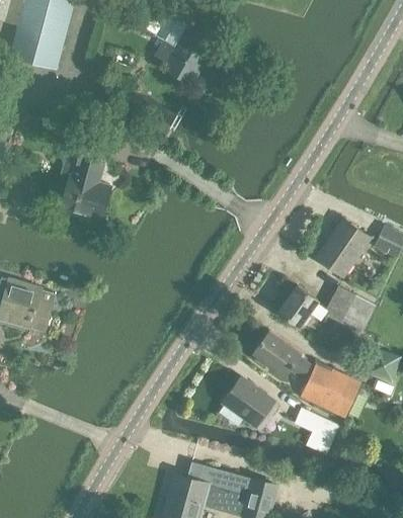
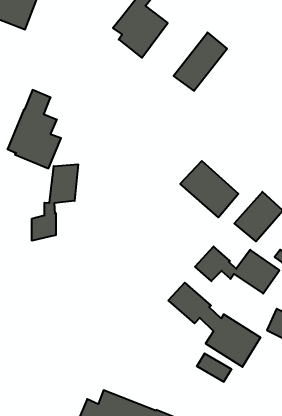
building: none -> [174,32,227,91]
building: none -> [180,161,238,217]
building: none -> [32,164,78,241]
building: [223,377,274,428] -> none

